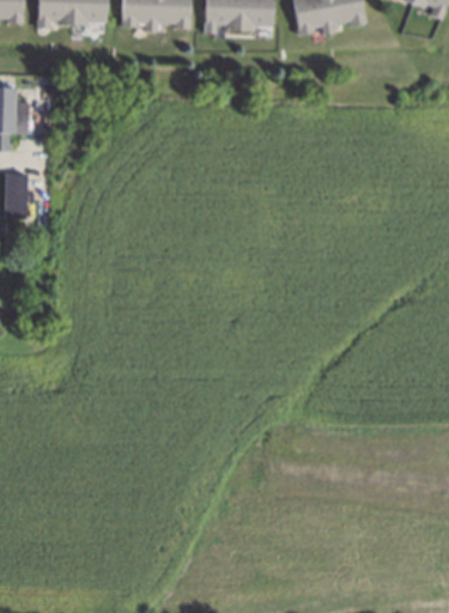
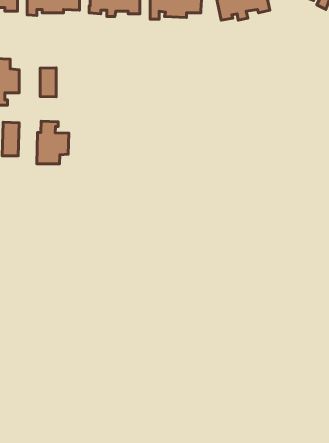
building: none -> [40,68,56,97]
building: none -> [37,121,69,164]

